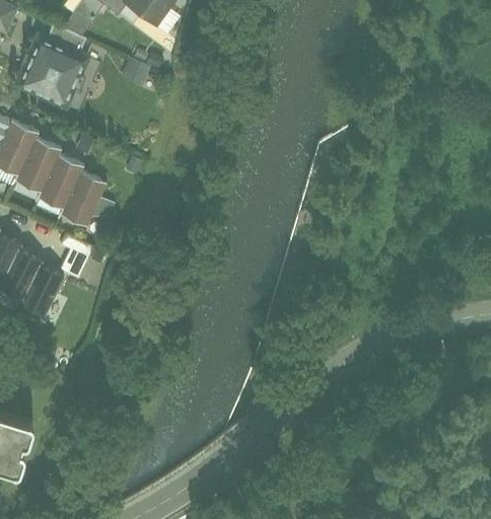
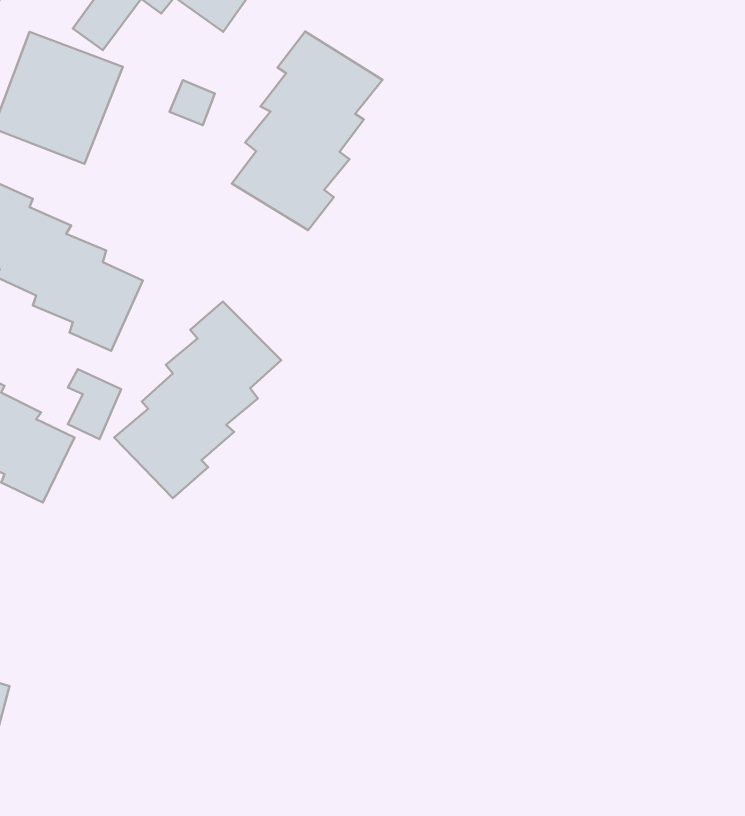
building: none -> [232,32,382,230]
building: none -> [114,301,281,498]

